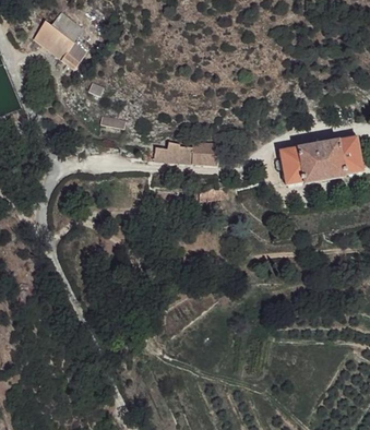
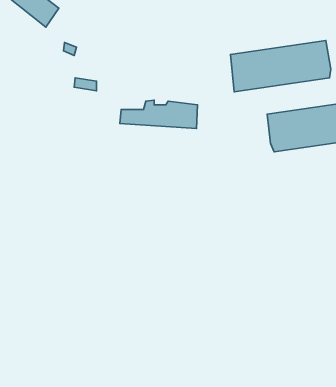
building: none -> [231,40,331,92]

